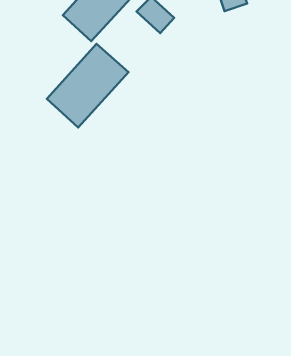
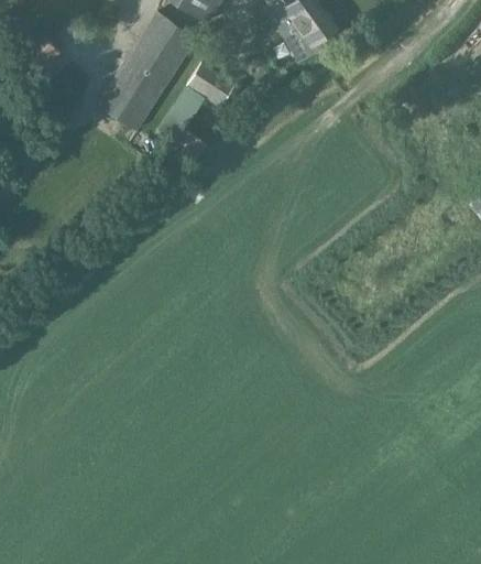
building: [47,44,129,127] -> none

